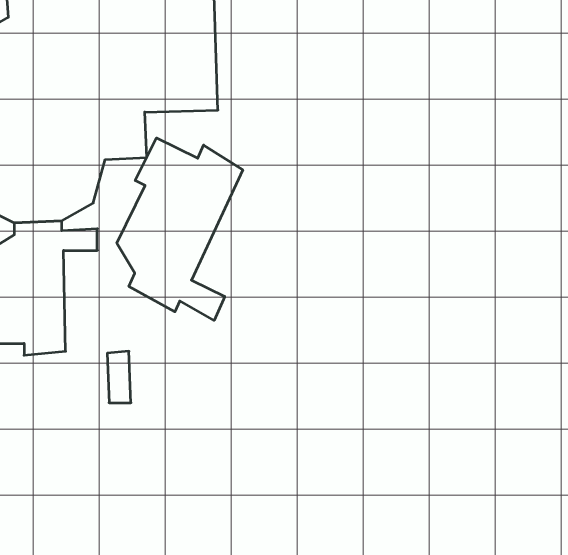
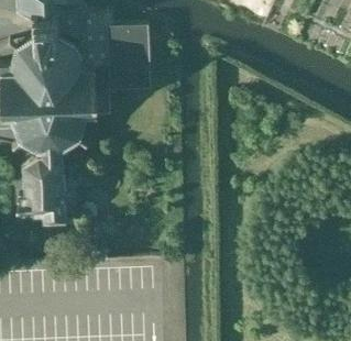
building: [117,138,243,320] -> none

